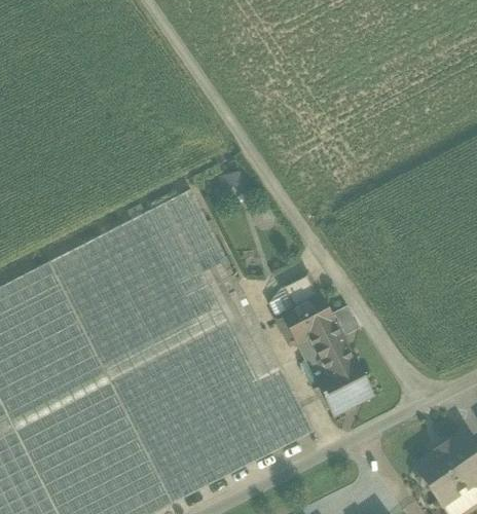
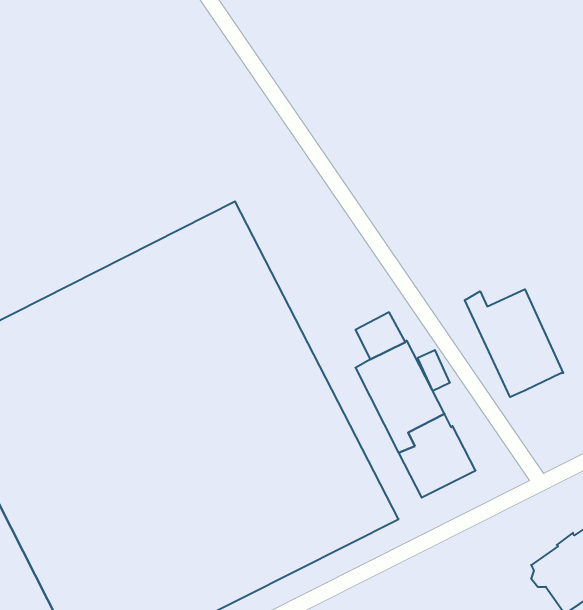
building: none -> [465,289,563,397]

